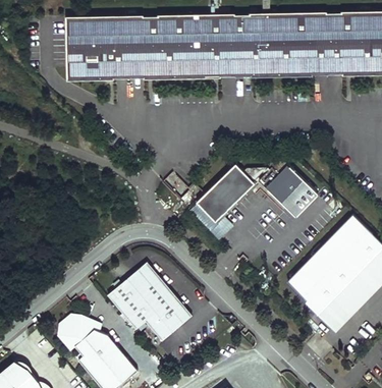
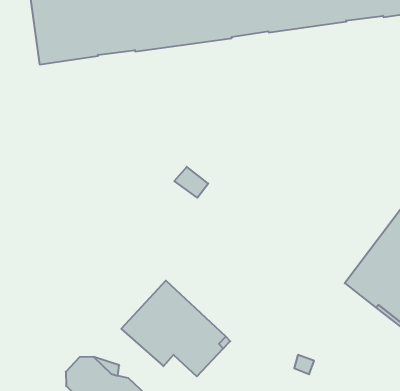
building: [195,165,252,223] -> none
building: [259,168,318,218] -> none

